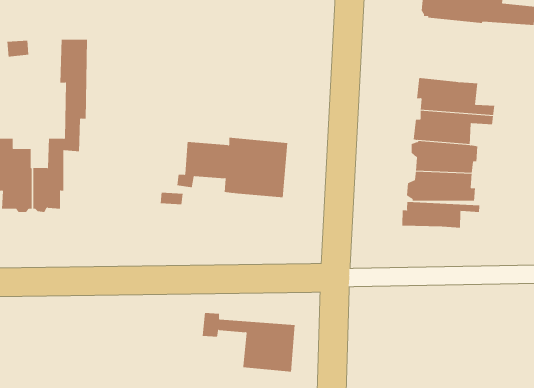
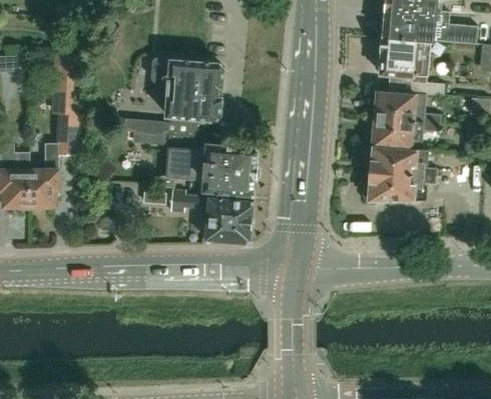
building: none -> [375,37,445,96]
building: none -> [122,58,223,137]
building: [402,201,480,228] -> none
building: [202,312,295,372] -> [169,190,253,244]

